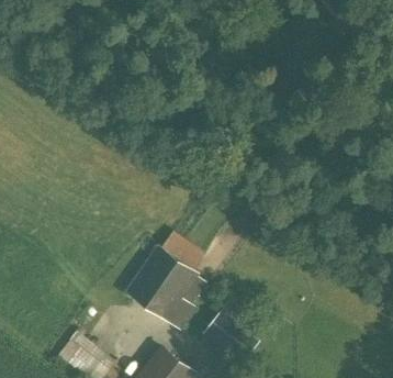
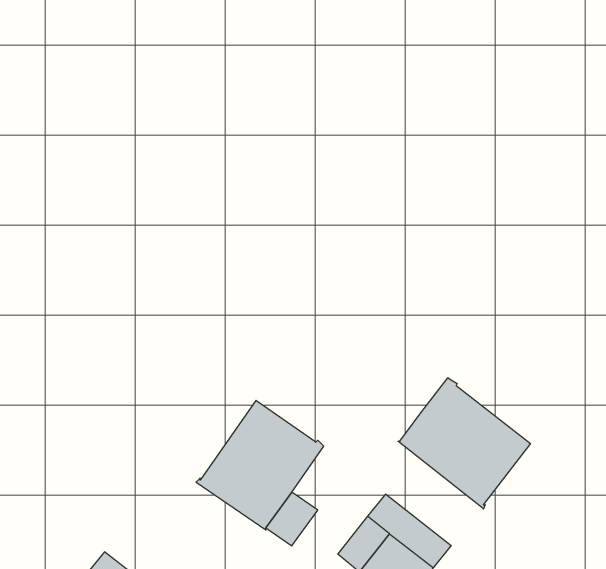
building: [160,231,205,271] -> none
building: none -> [398,378,530,509]

